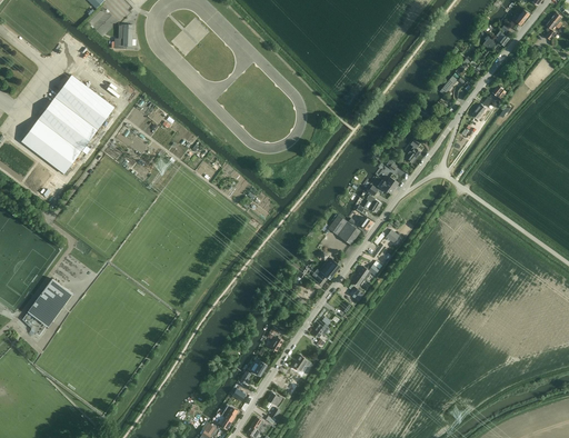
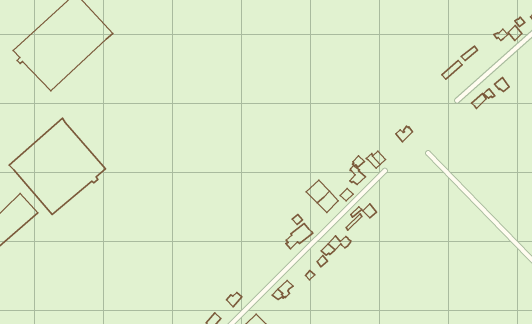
building: none -> [9,118,106,215]

